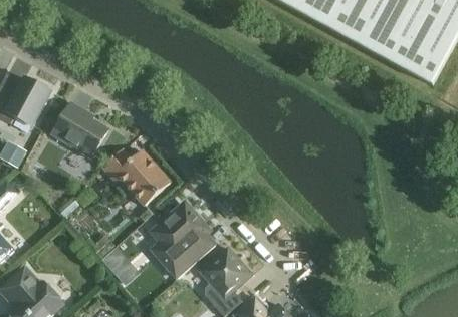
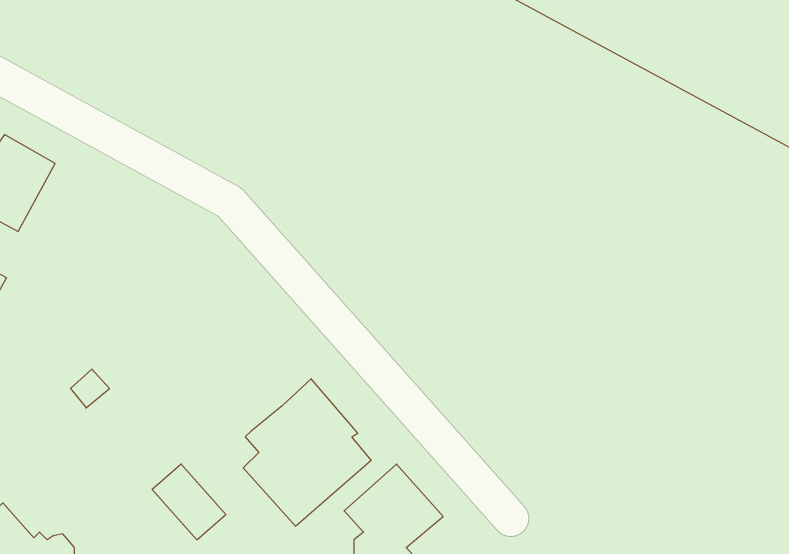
building: [51,101,108,156] -> none
building: [103,147,171,205] -> none

